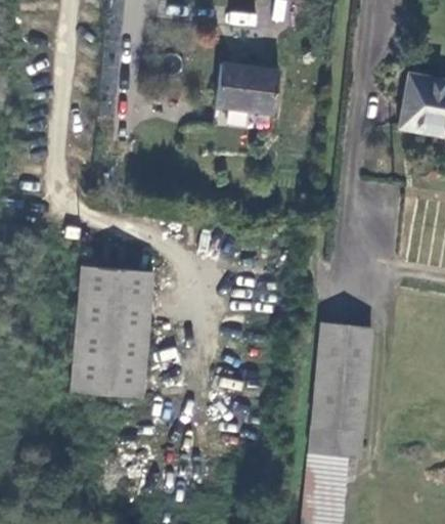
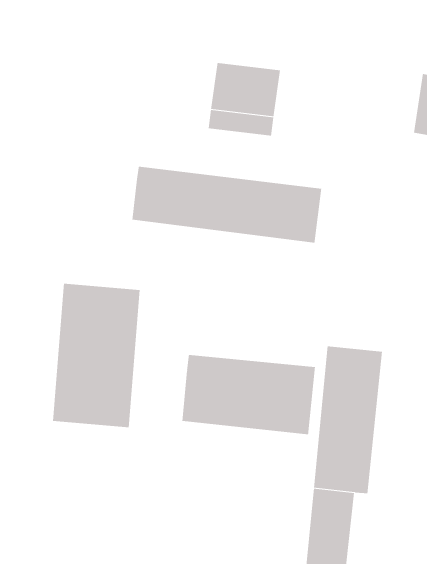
building: none -> [132,166,322,244]
building: none -> [182,354,315,435]

